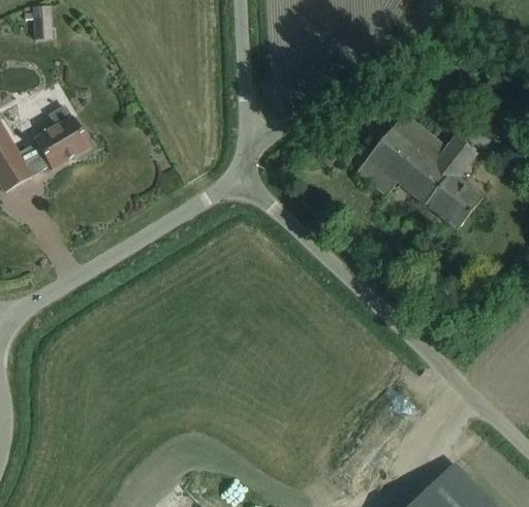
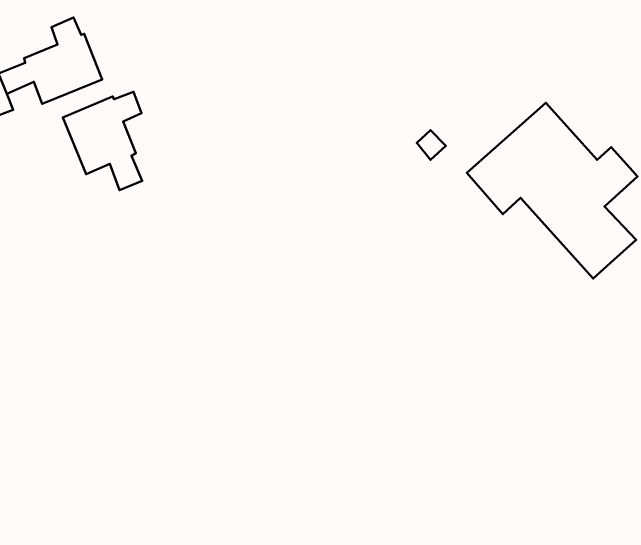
building: none -> [63,92,142,190]

